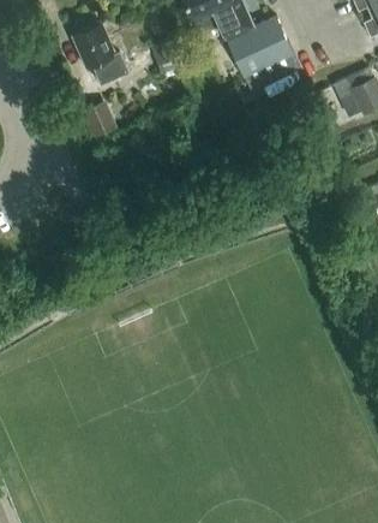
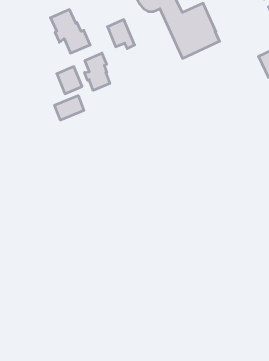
building: none -> [85,53,110,90]
building: none -> [55,96,84,120]

